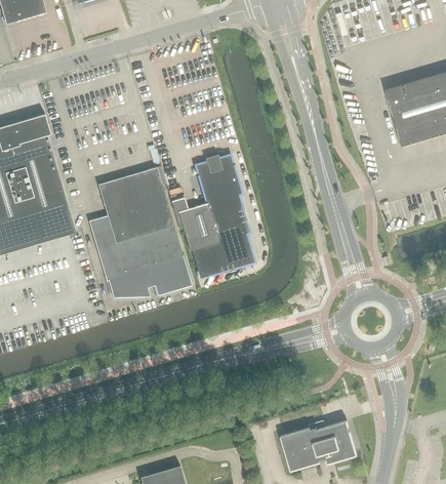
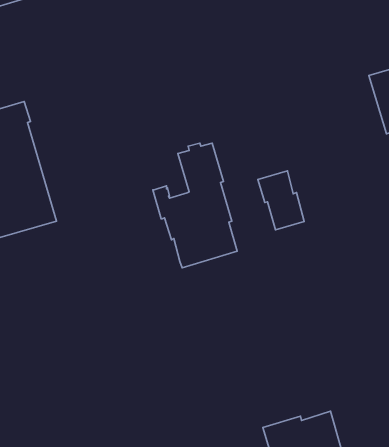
building: [91,167,192,297] -> none
building: none -> [258,171,304,230]

